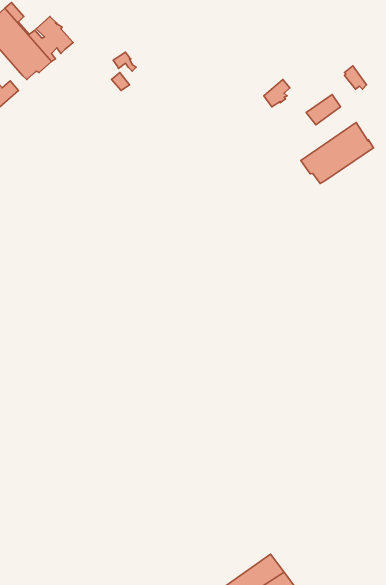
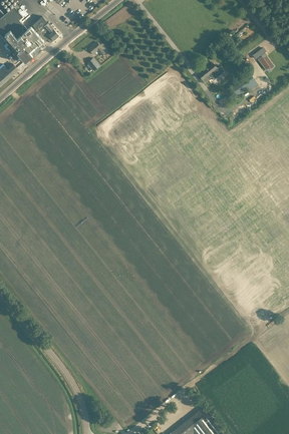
building: [301,123,373,184] -> none

